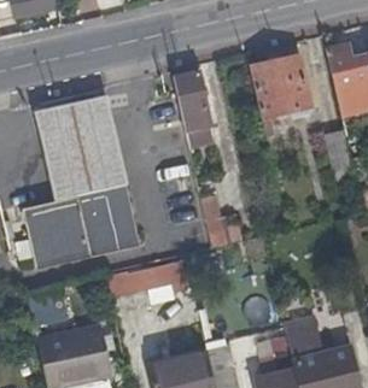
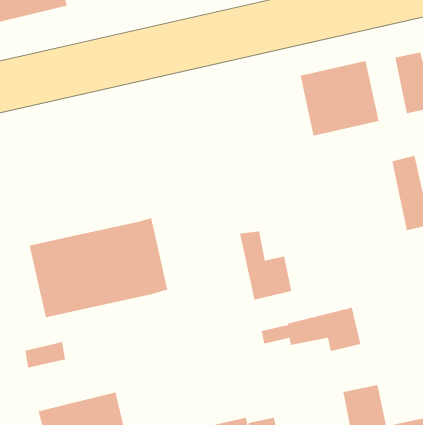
building: [174,71,216,146] -> none
building: [41,95,129,198] -> none
building: [106,260,188,296] -> [261,307,361,352]

